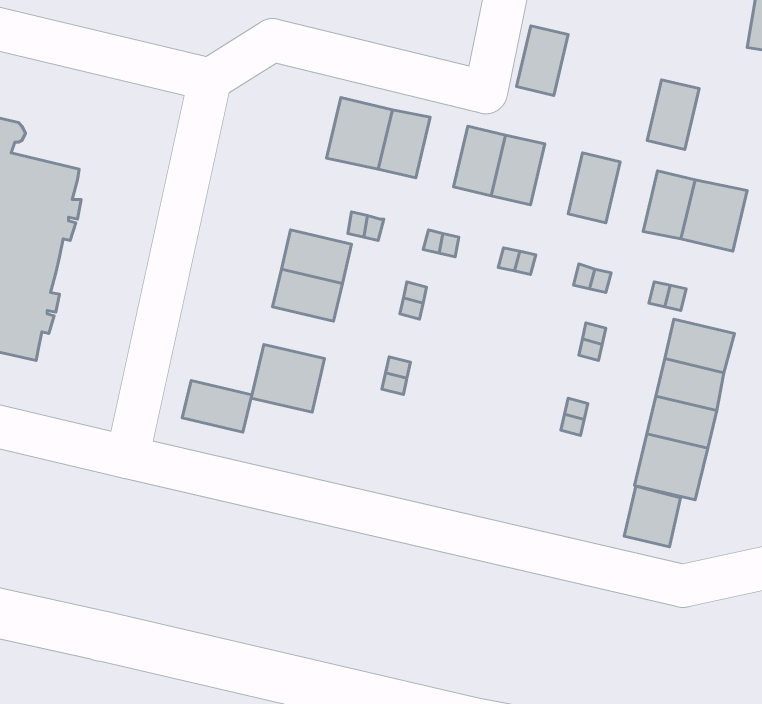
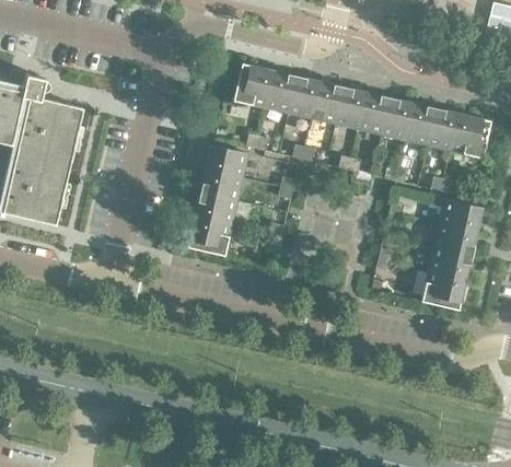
building: [516,26,568,95] -> [357,92,388,135]
building: [647,80,699,149] -> [403,103,434,145]
building: none -> [287,75,318,118]
building: [182,380,252,432] -> [194,191,236,223]
building: [624,486,681,547] -> none

